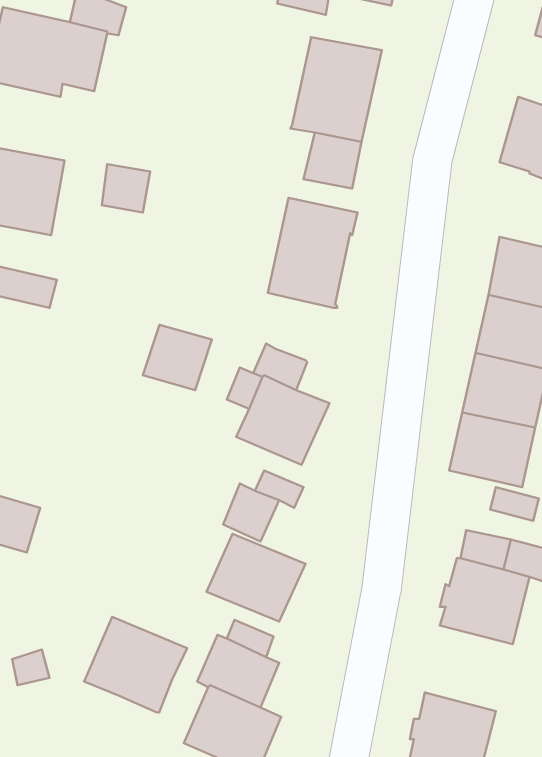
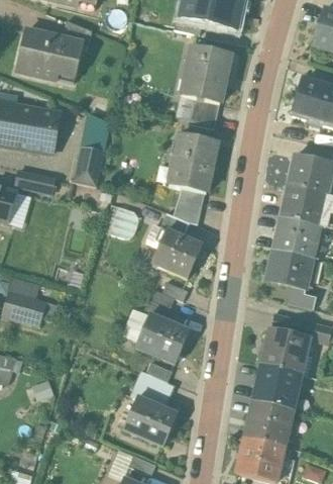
building: none -> [73,146,104,186]
building: none -> [173,188,204,223]
building: [84,617,187,713] -> none
building: none -> [253,365,301,411]

